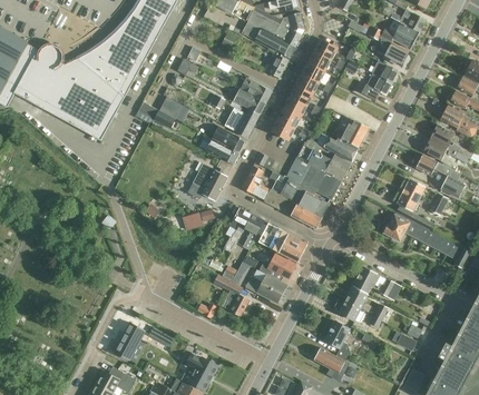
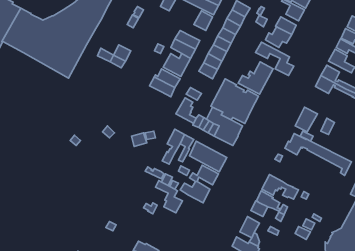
building: [414,154,465,197] -> [255,42,294,76]
building: [194,158,234,200] -> none
building: [114,322,145,359] -> none

